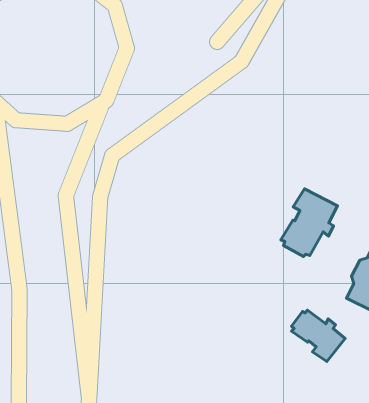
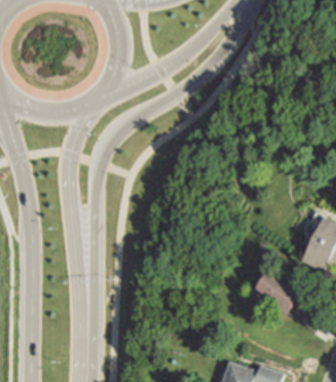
building: [281,189,338,257] -> none

